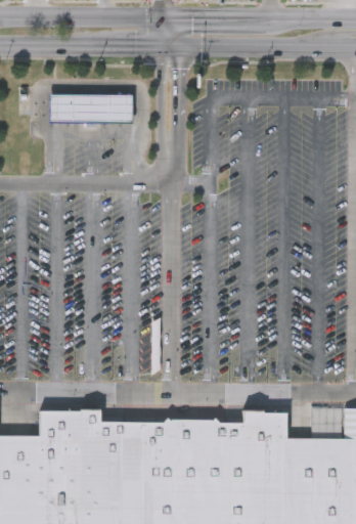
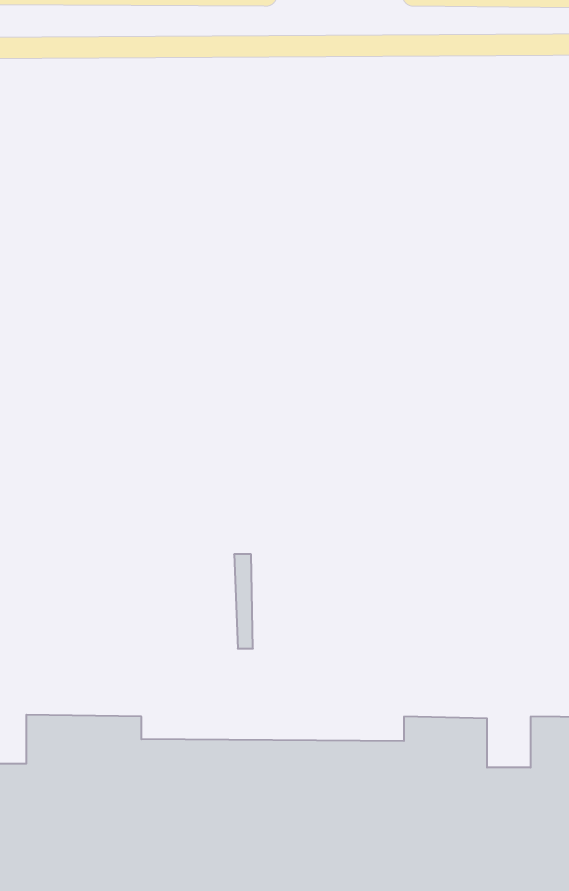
building: [49,93,133,122] -> none

